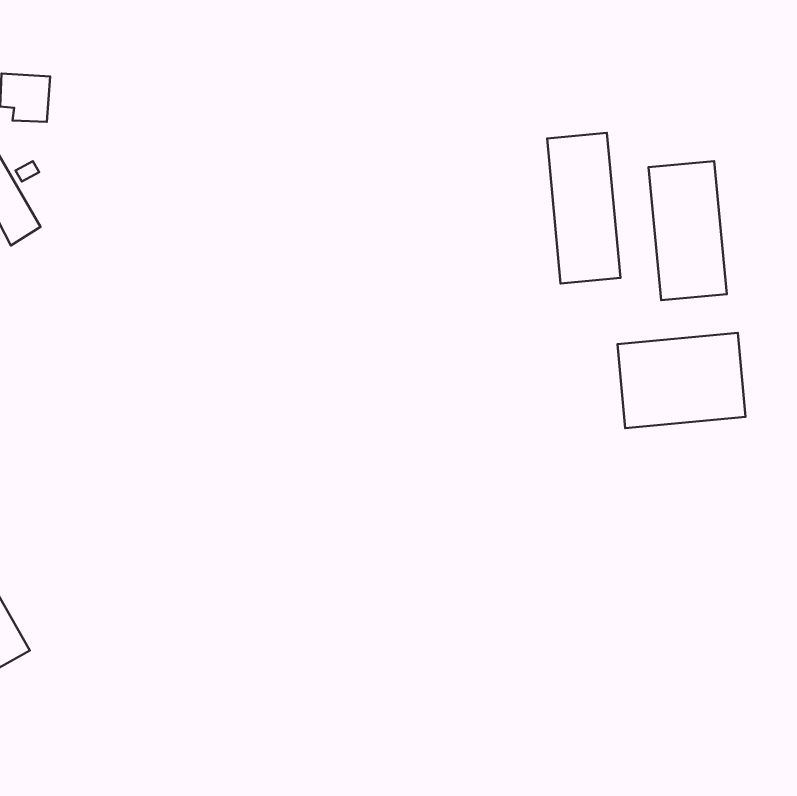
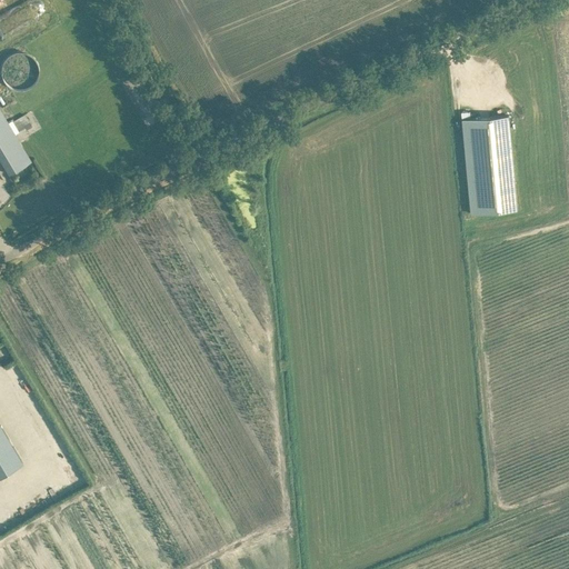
building: [547,133,621,283] -> none
building: [617,333,746,428] -> none

